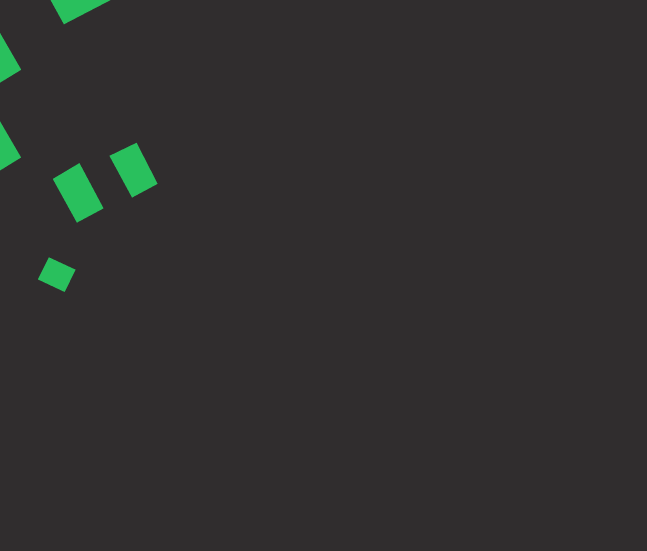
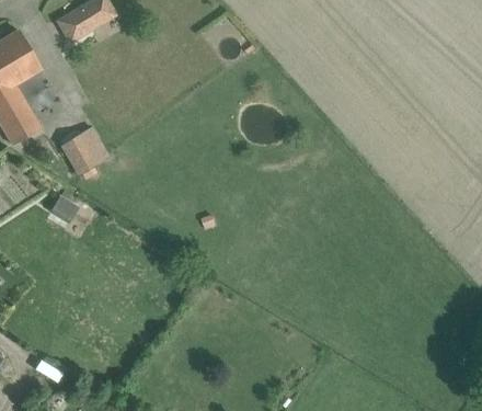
building: [109,142,158,199] -> none

